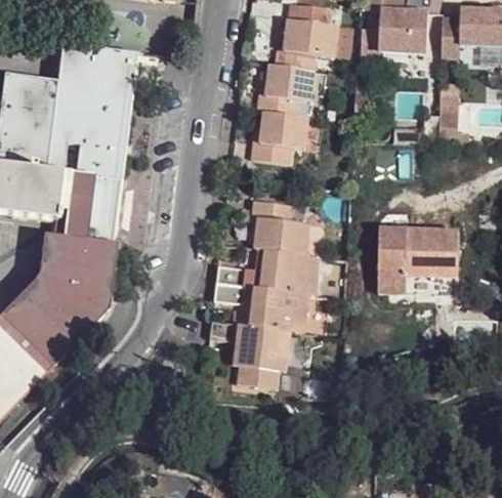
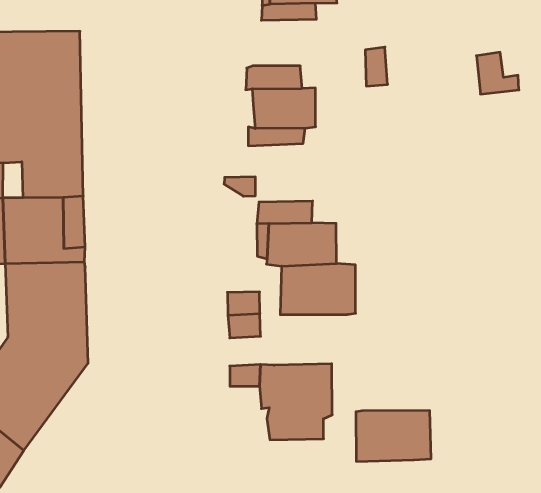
building: [266,65,316,100] -> none
building: [370,229,452,299] -> none
building: [250,287,311,331] -> [356,411,431,461]

